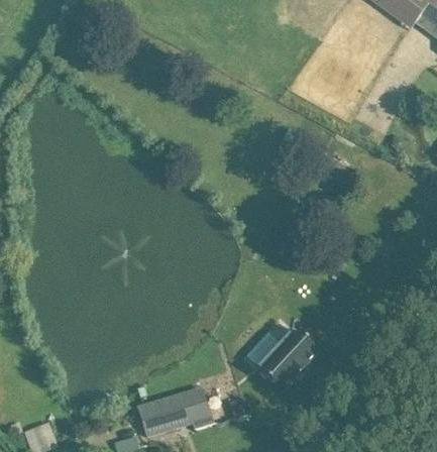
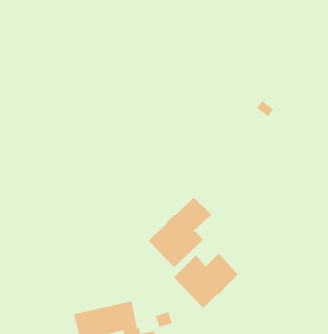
building: none -> [148,197,212,268]

